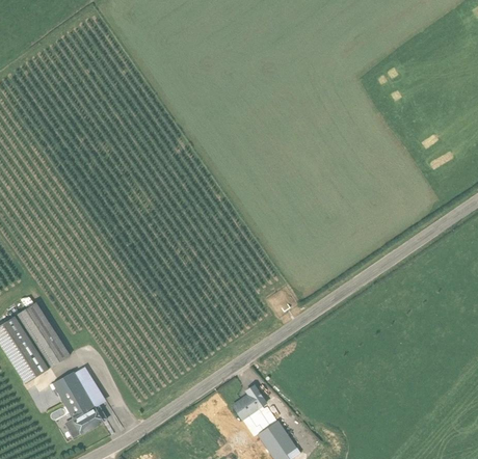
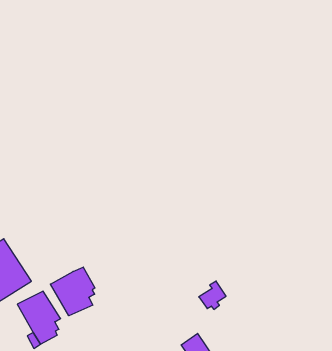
building: none -> [50,267,95,316]
building: [232,385,266,421] -> [199,281,226,309]

